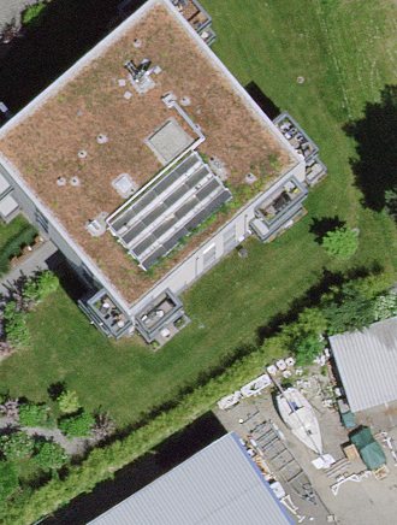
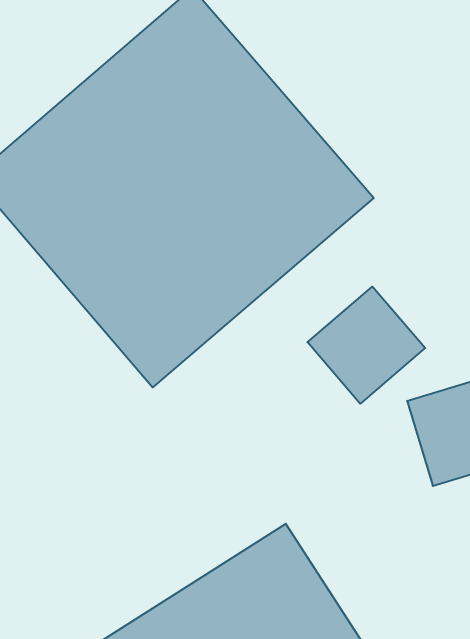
building: none -> [307,287,425,404]

